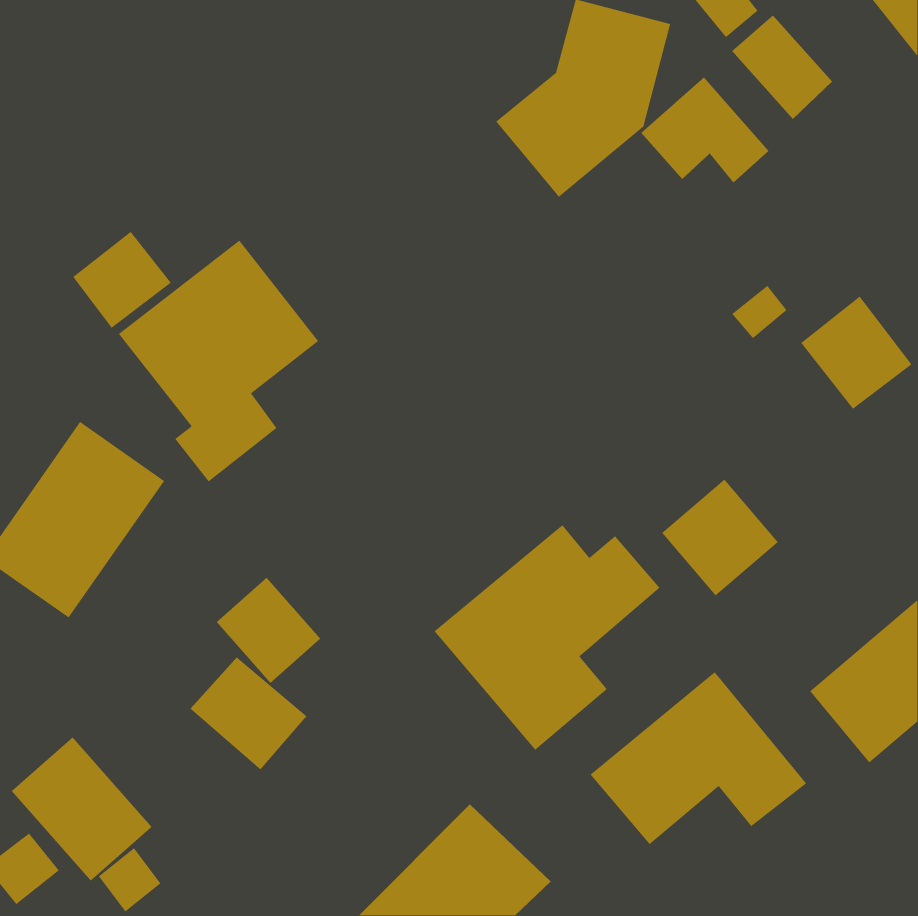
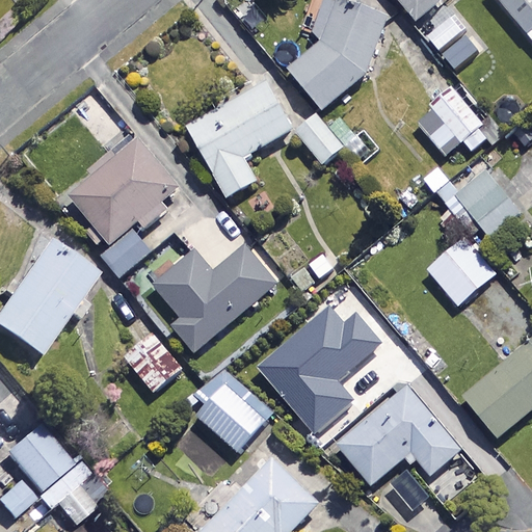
building: [641,77,769,184] -> [416,88,489,150]
building: none -> [188,74,341,197]
building: [72,231,172,329] -> none
building: none -> [155,245,276,350]
building: [661,479,779,596] -> [427,237,495,304]
building: [190,656,308,771] -> [197,384,265,450]

